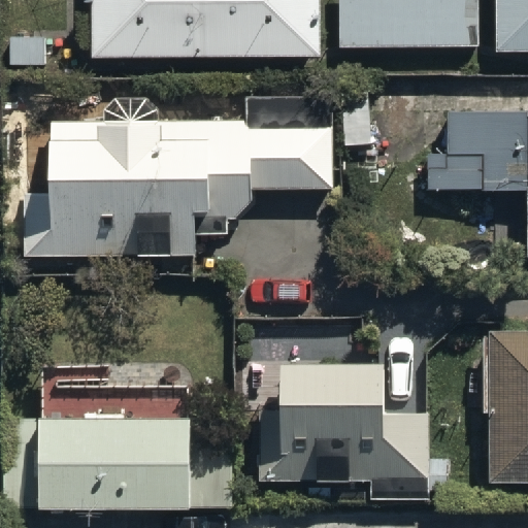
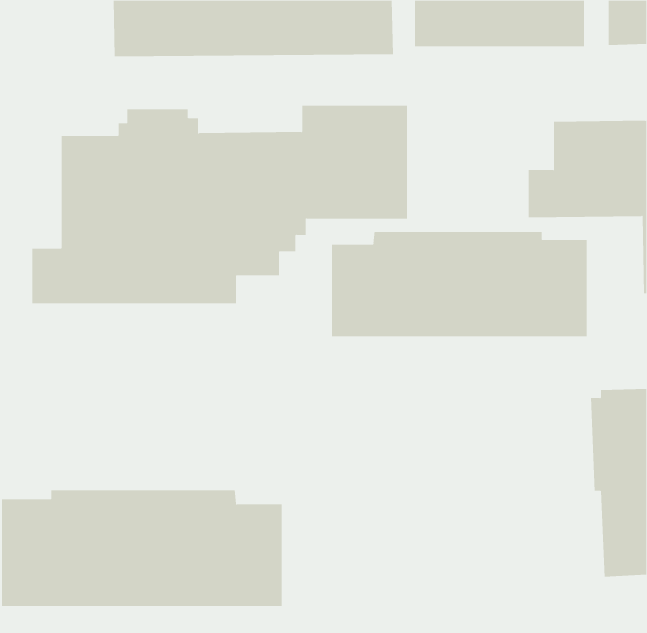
building: none -> [331,231,587,337]
building: [257,348,429,500] -> none

